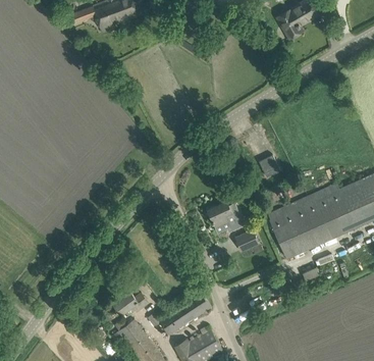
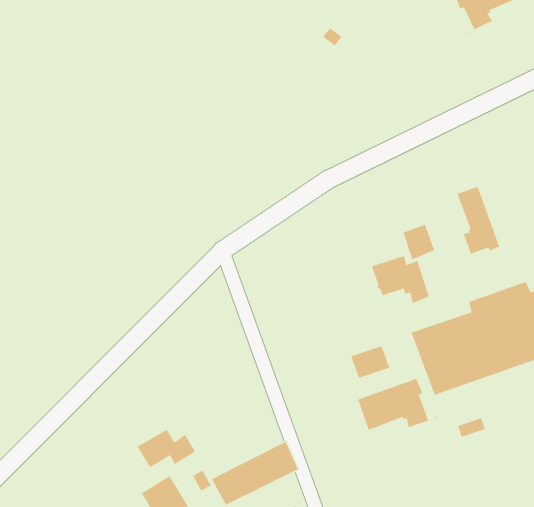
building: none -> [456,186,500,263]
building: [207,202,244,230] -> [371,255,430,304]
building: none -> [357,378,438,431]

